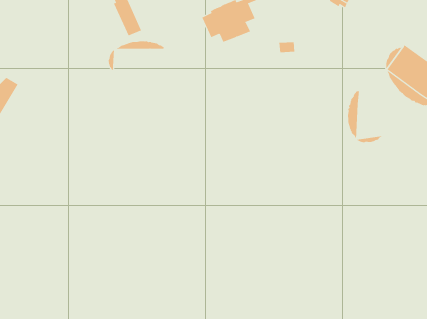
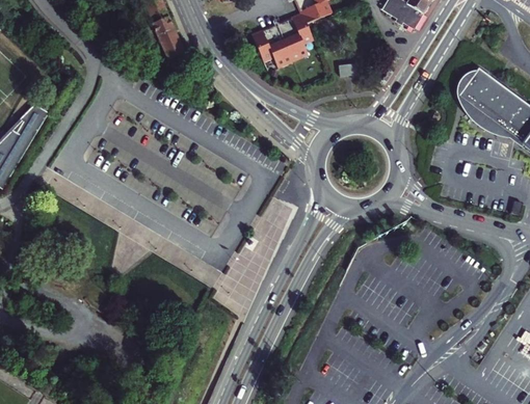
building: [108,41,164,72] -> none
building: [347,90,384,143] -> none

